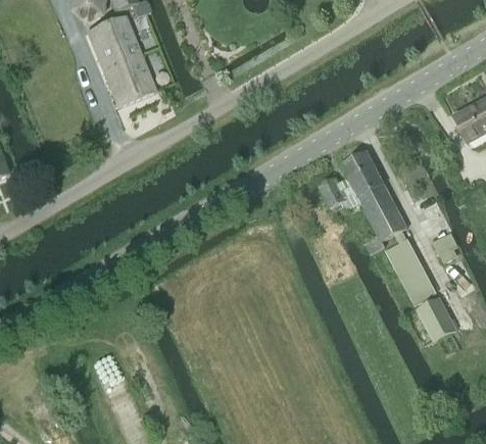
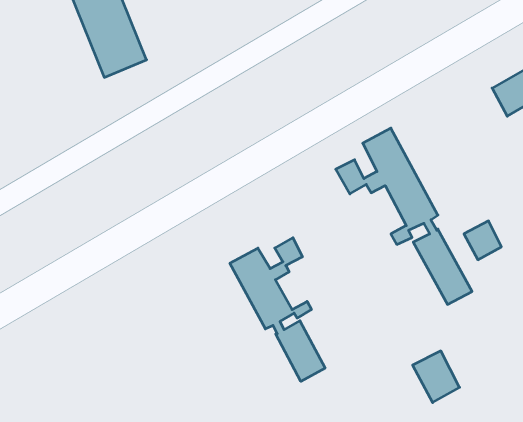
building: none -> [230,238,325,381]
building: [416,298,456,343] -> [413,351,460,403]

